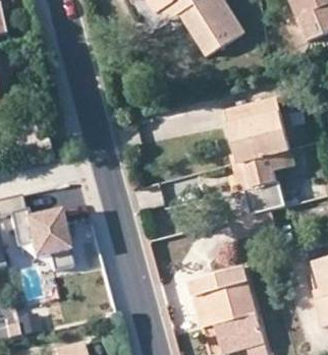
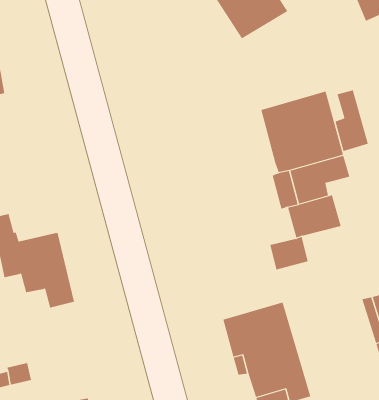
building: none -> [335,89,368,152]

